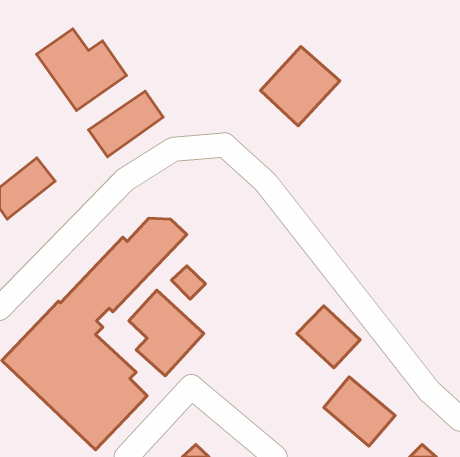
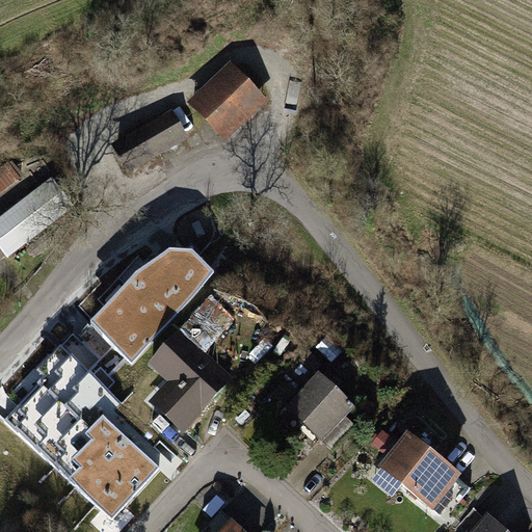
building: [37,29,126,110] -> none
building: [260,46,340,126] -> [184,52,275,143]
building: [297,306,360,368] -> [284,369,356,441]

